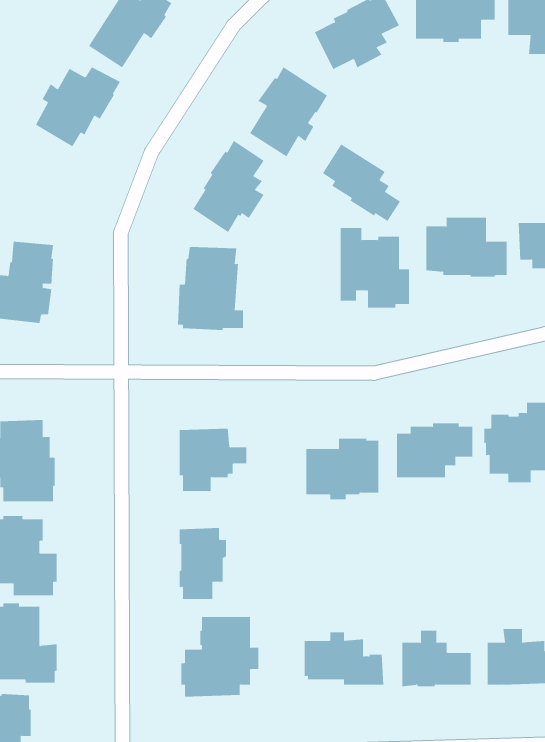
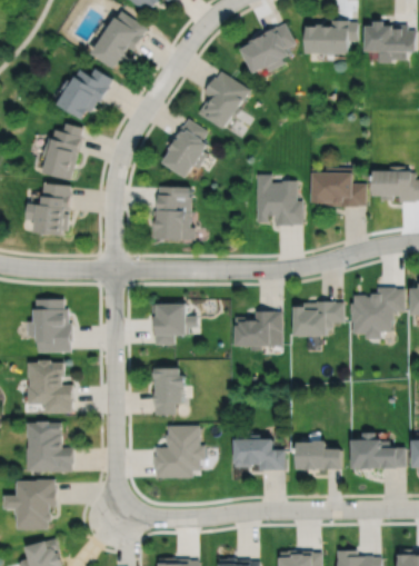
building: [322,143,401,222] -> none
building: none -> [42,125,83,183]

